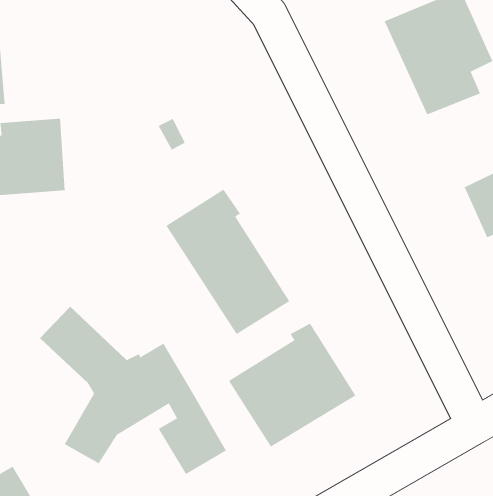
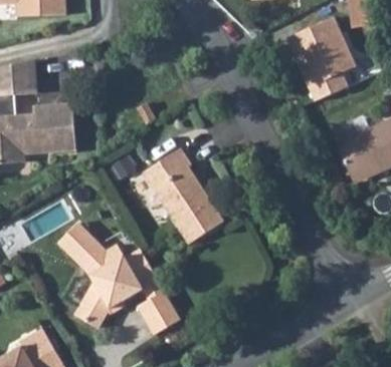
building: [228,323,356,448] -> none

